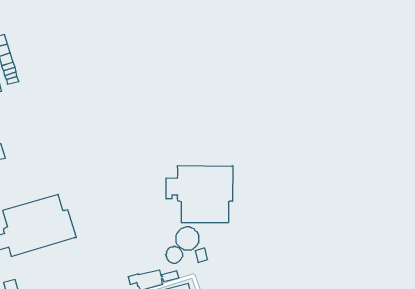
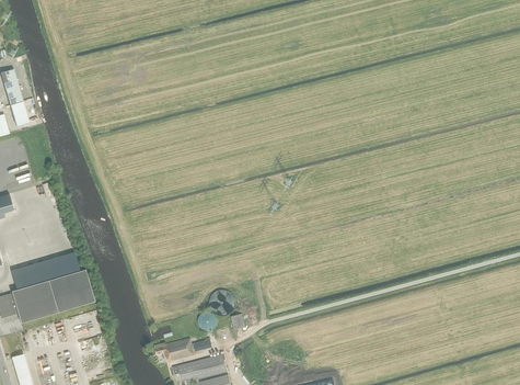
building: [166,166,233,223] -> none

